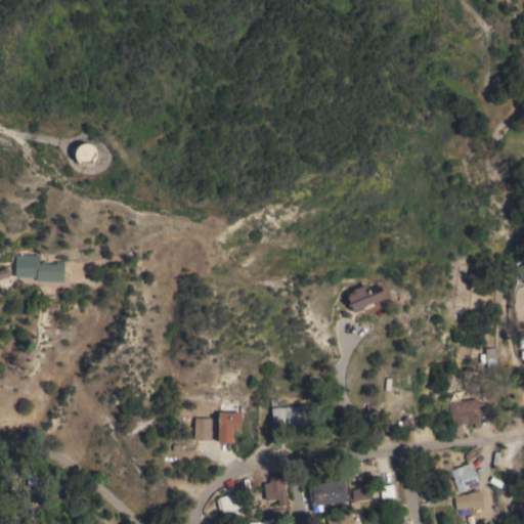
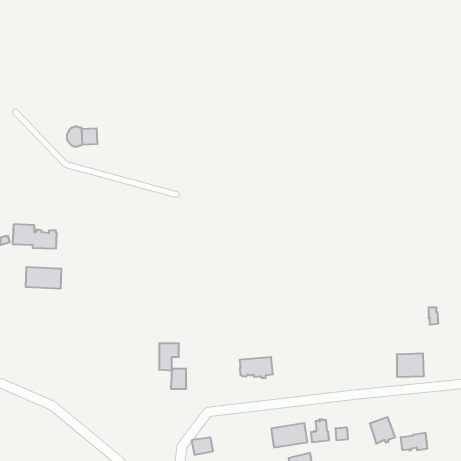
building: [348,285,385,313] -> none
building: none -> [26,267,61,289]
building: [219,413,242,444] -> [159,343,179,370]
building: [451,464,480,493] -> [370,417,395,444]
building: [264,478,287,508] -> none

